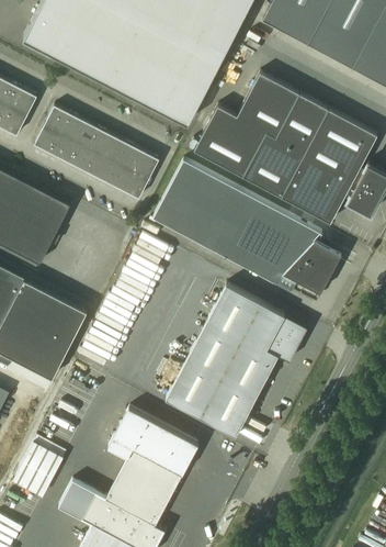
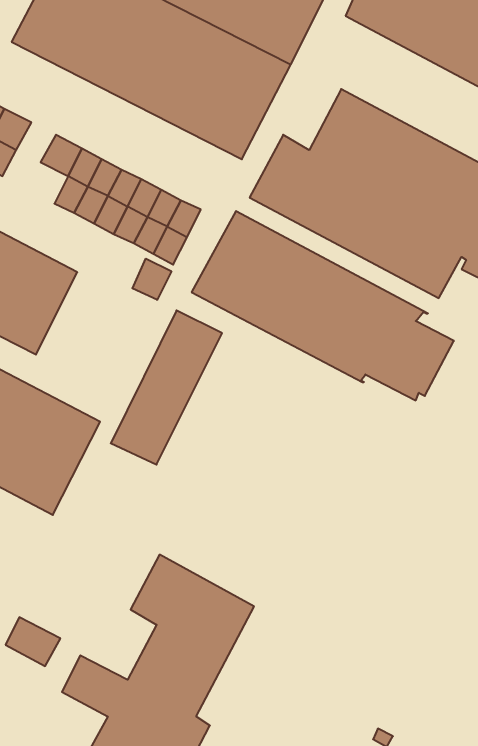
building: [33,125,63,155] -> none
building: none -> [132,259,171,300]
building: [164,284,306,436] -> none

